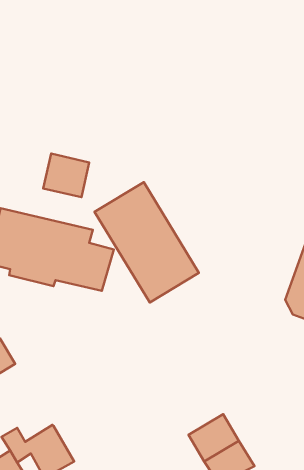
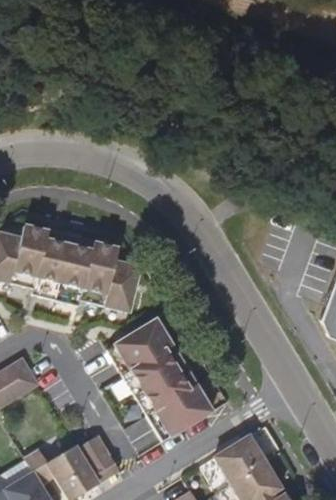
building: [43,154,89,197] -> none
building: [95,182,199,302] -> [107,318,213,440]
building: none -> [78,434,120,482]

